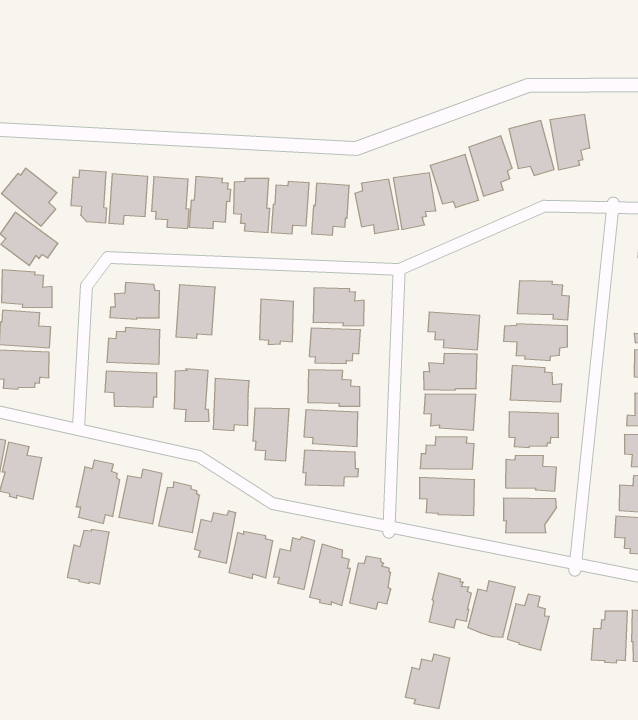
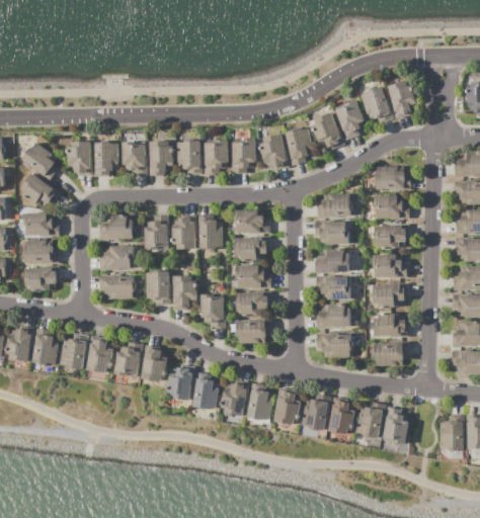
building: none -> [375,165,410,190]
building: none -> [321,193,352,215]
building: none -> [172,215,194,248]
building: [67,530,109,584] -> [60,333,86,369]
building: [405,654,450,708] -> [301,394,329,430]

